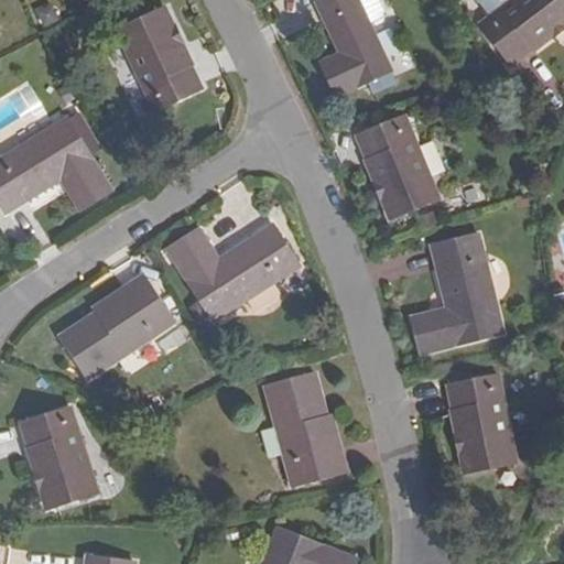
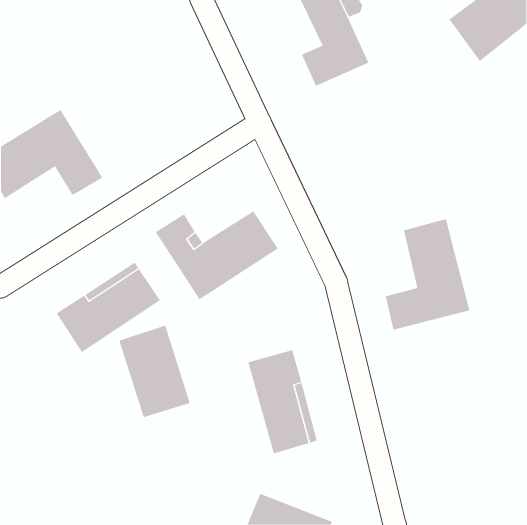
building: [116,6,203,109] -> none
building: [354,115,438,218] -> none
building: [445,375,514,473] -> none
building: [19,408,96,507] -> [118,325,191,418]

